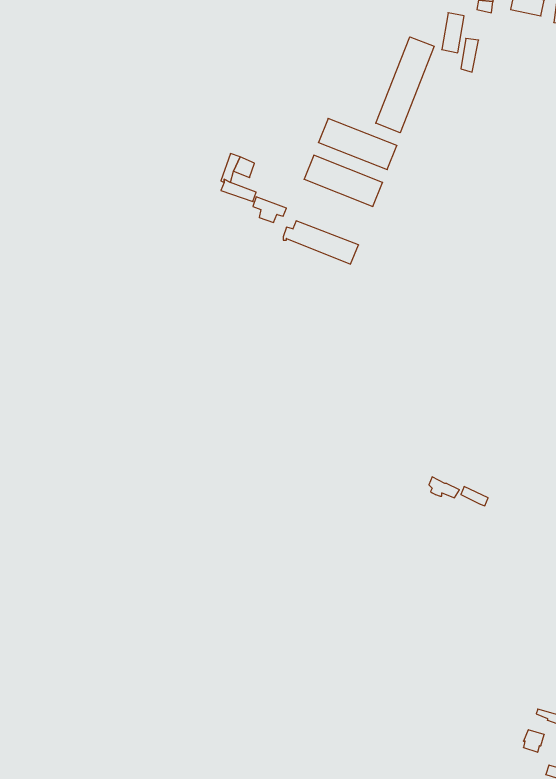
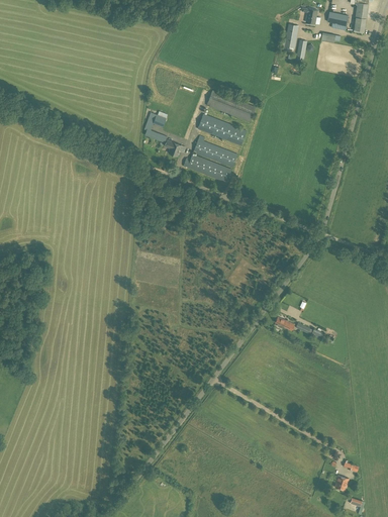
building: [376,37,434,133] -> none
building: none -> [193,135,237,168]

